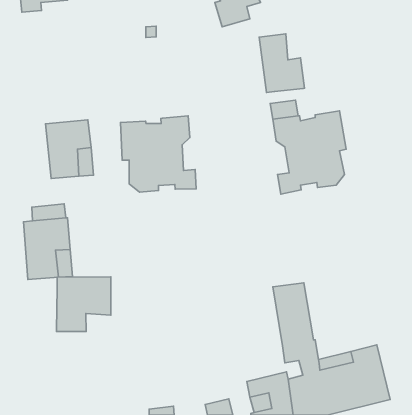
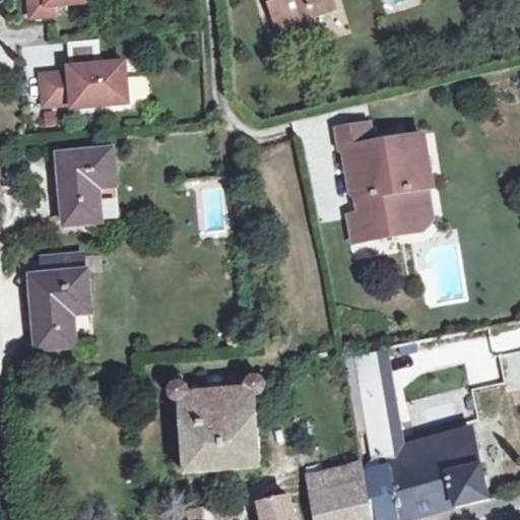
building: [259,34,304,92] -> none
building: none -> [39,60,127,105]
building: [121,116,196,192] -> none
building: [56,277,111,332] -> none
building: none -> [166,375,263,472]

